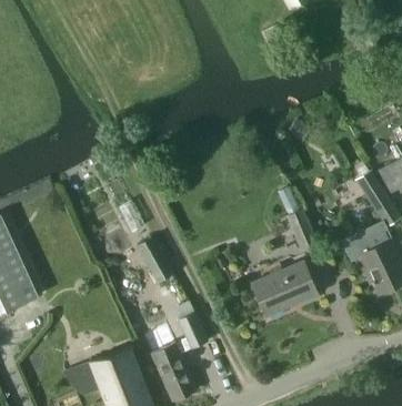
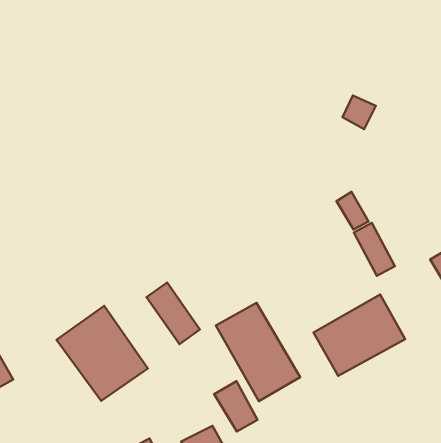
building: none -> [57,306,148,401]
building: none -> [216,303,300,401]

